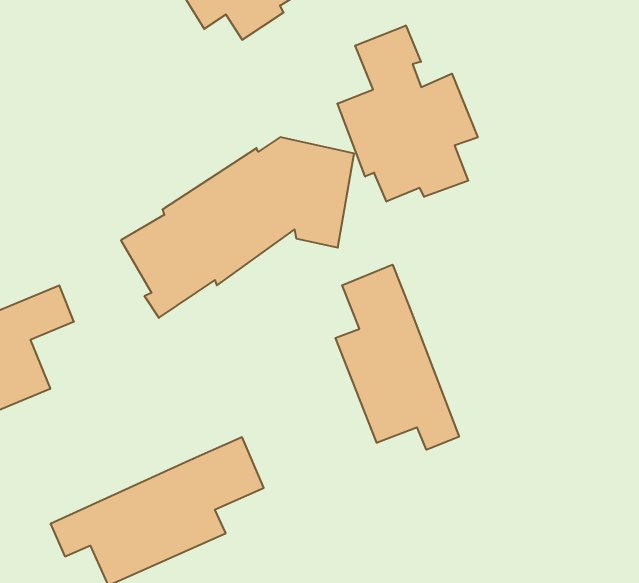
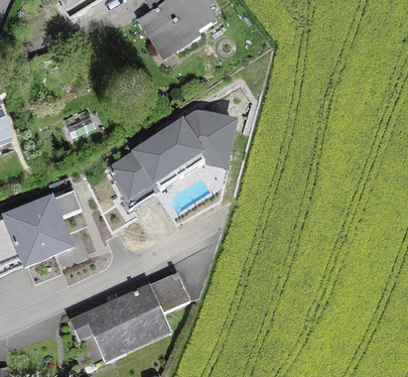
building: [337,25,478,202] -> none
building: [335,265,459,450] -> none

